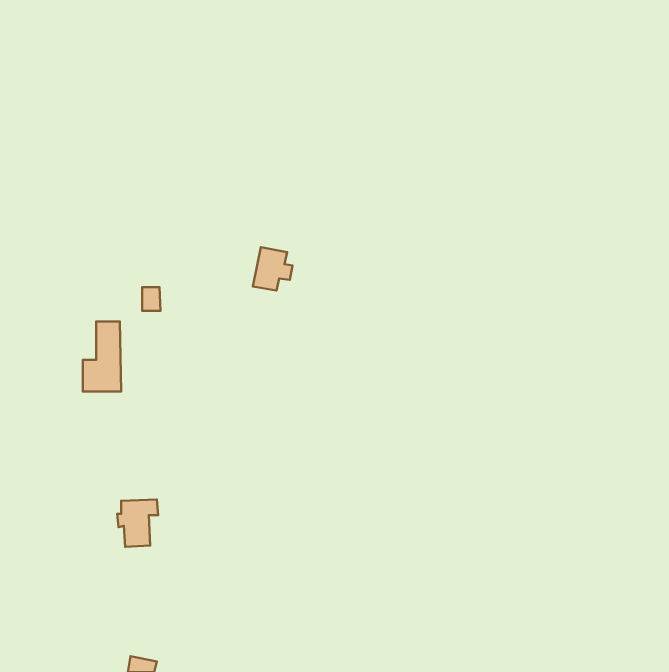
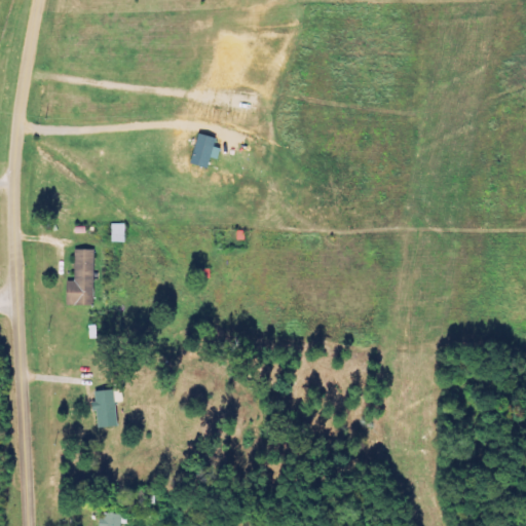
building: [253,247,292,291] -> [190,134,221,167]

